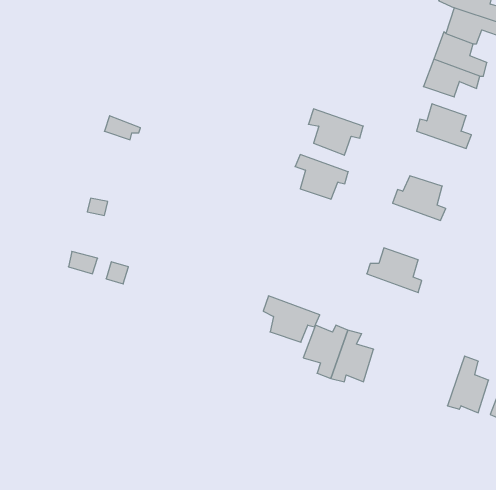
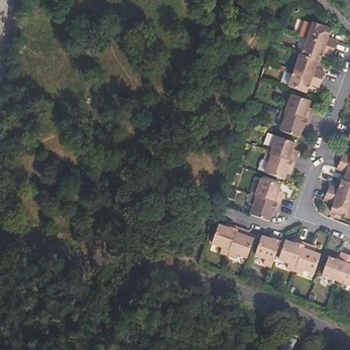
building: [308,109,363,155] -> [274,108,307,135]
building: [295,155,348,199] -> [260,150,291,177]
building: [263,296,320,342] -> [245,192,278,219]
building: none -> [255,233,281,263]
building: none -> [280,238,306,269]

